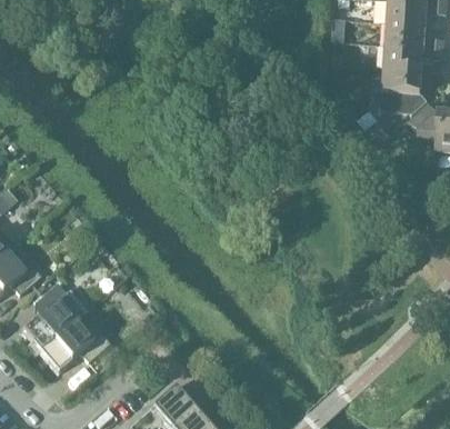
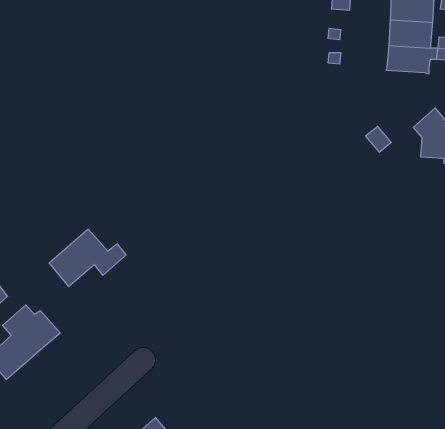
building: [381,67,423,110] -> none
building: [38,317,108,369] -> [49,229,126,286]

